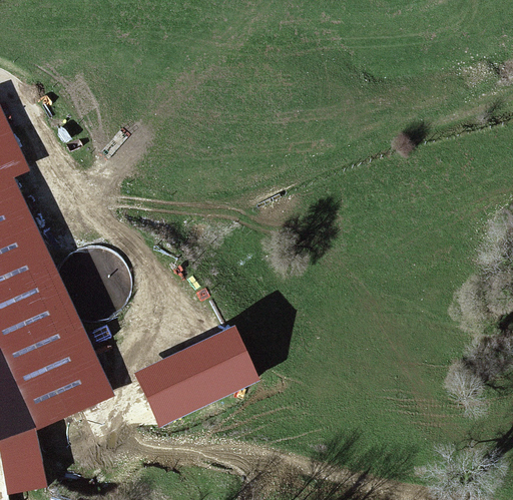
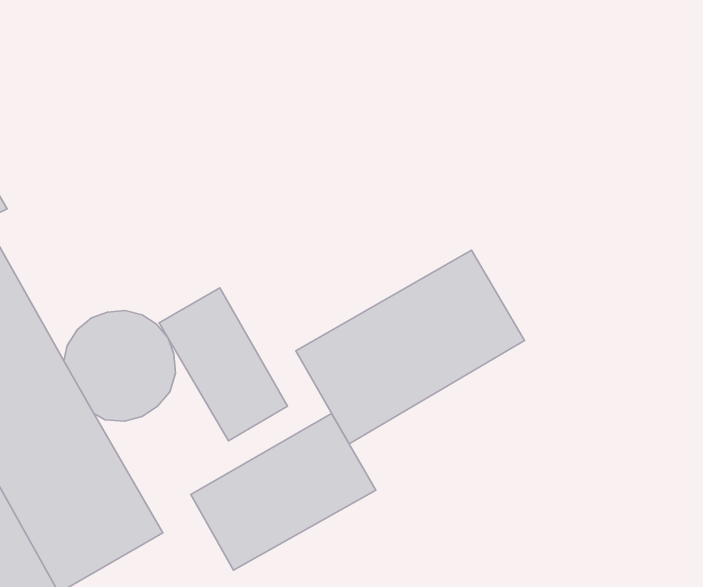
building: none -> [296,250,524,444]
building: none -> [159,288,287,441]

